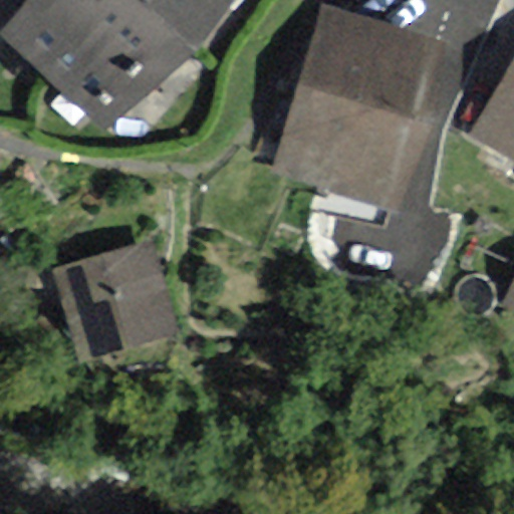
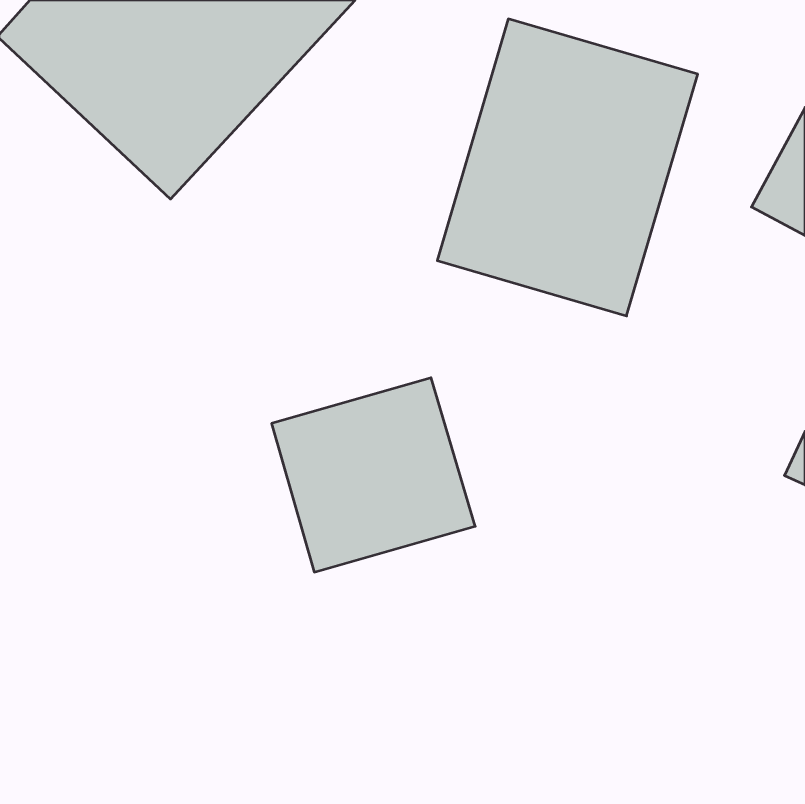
building: [53,237,183,360] -> [272,378,475,572]

